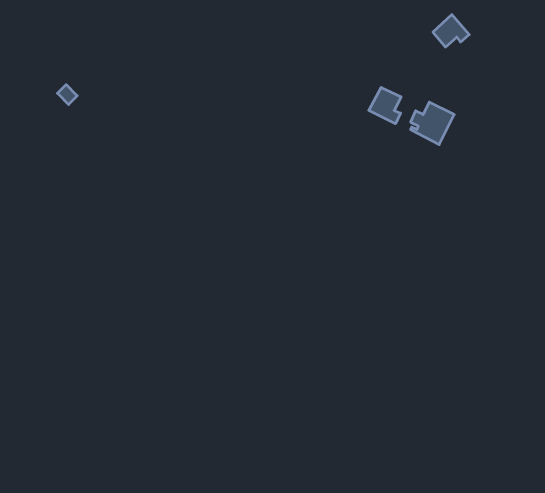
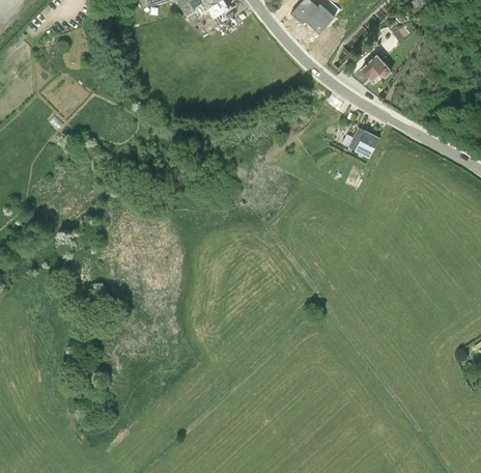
building: [369,87,401,124] -> none

